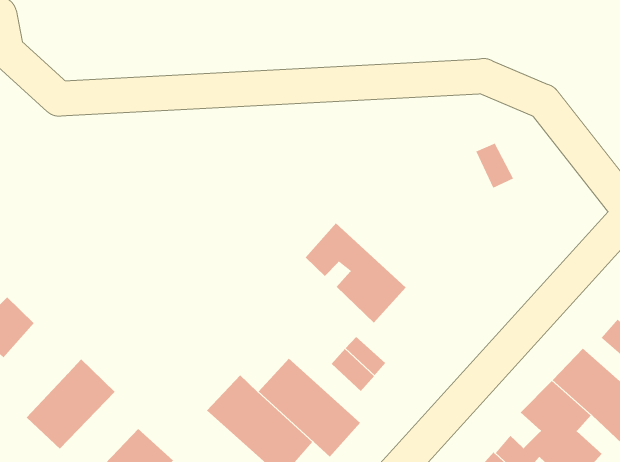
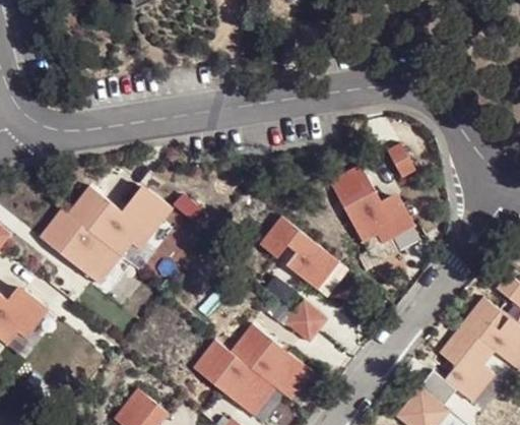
building: none -> [327,163,415,243]
building: none -> [40,188,174,286]
building: [26,359,116,450] -> none

